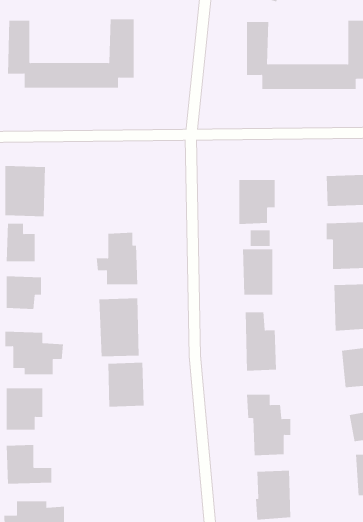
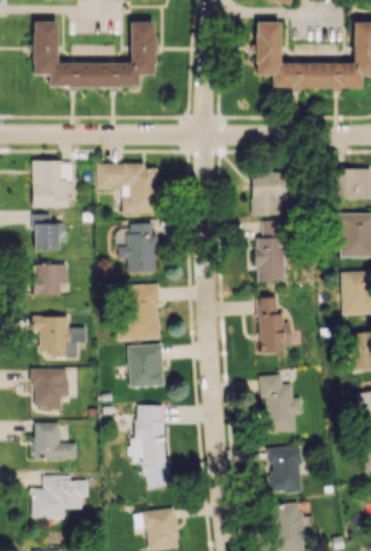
building: none -> [97,164,160,214]
building: none -> [134,405,167,487]

